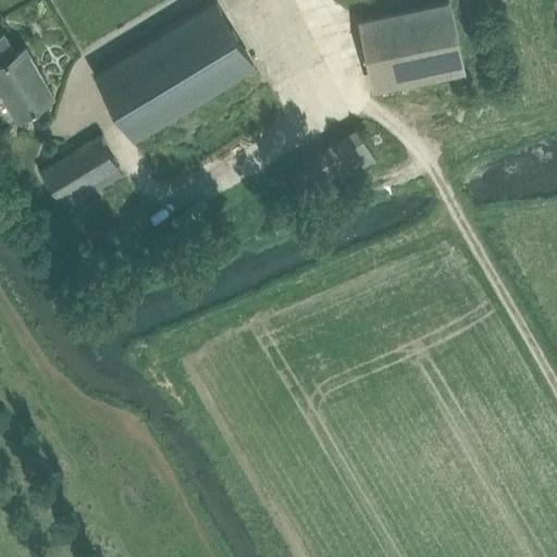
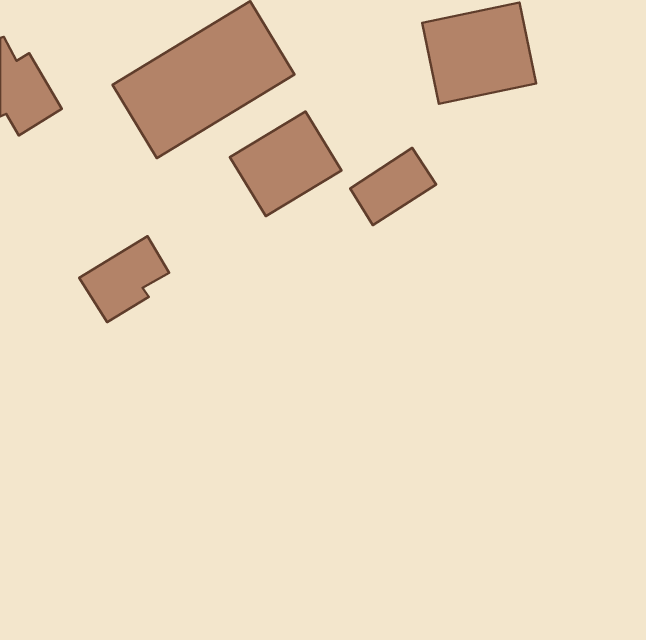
building: none -> [230,111,342,216]
building: [41,139,119,213] -> [79,236,169,322]

